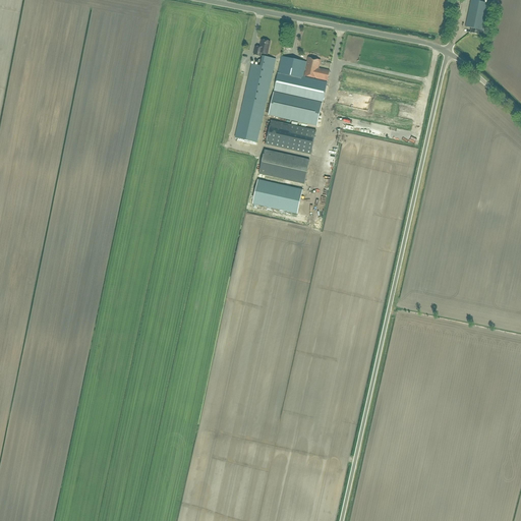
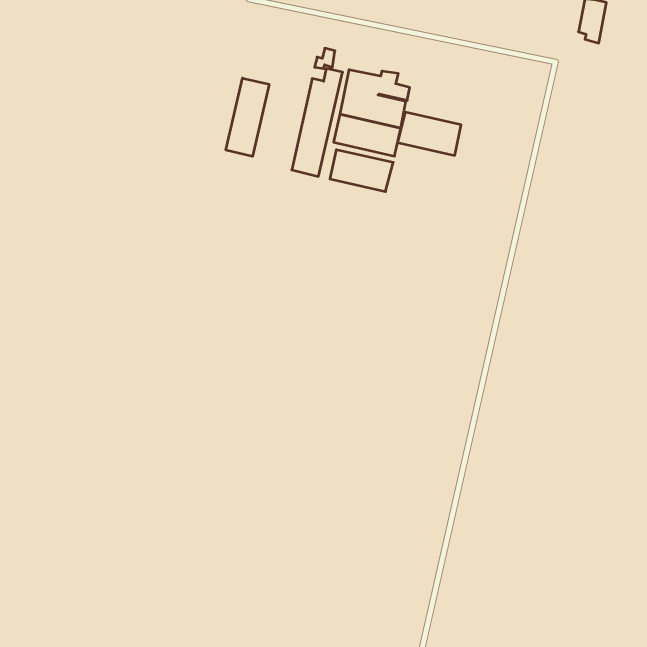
building: none -> [226,78,269,156]
building: [257,149,308,183] -> [398,112,461,155]
building: [251,179,302,213] -> none

